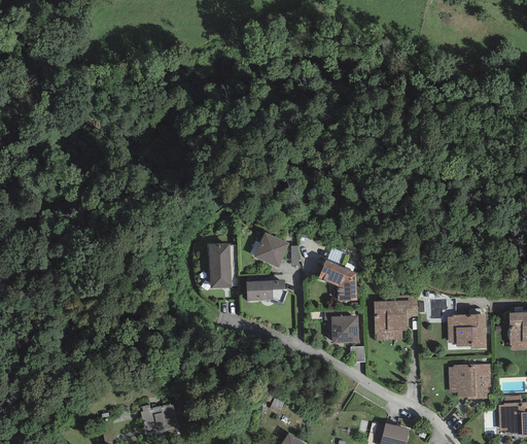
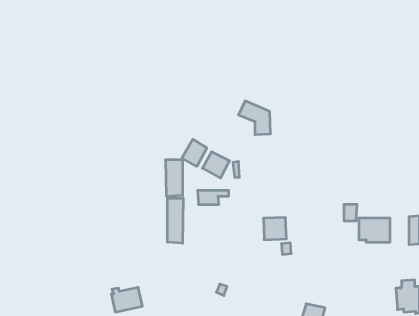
building: none -> [182,139,207,166]
building: [317,260,357,302] -> [238,101,271,135]
building: none -> [168,198,183,243]
building: [375,302,418,339] -> none
building: [452,364,494,394] -> none

